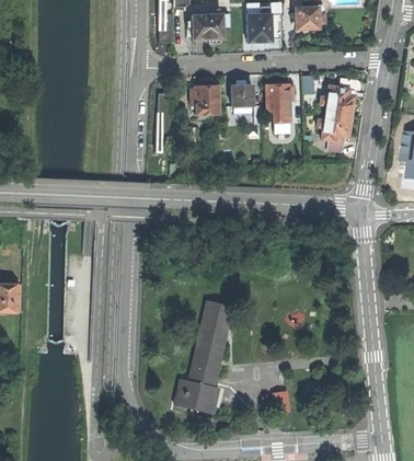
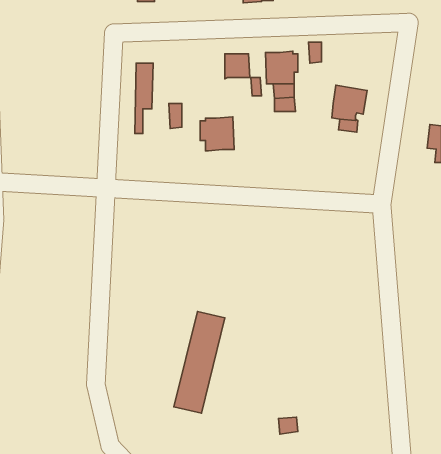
building: [191,85,219,114] -> [200,117,234,151]
building: [324,85,354,116] -> none
building: [174,379,218,413] -> none

